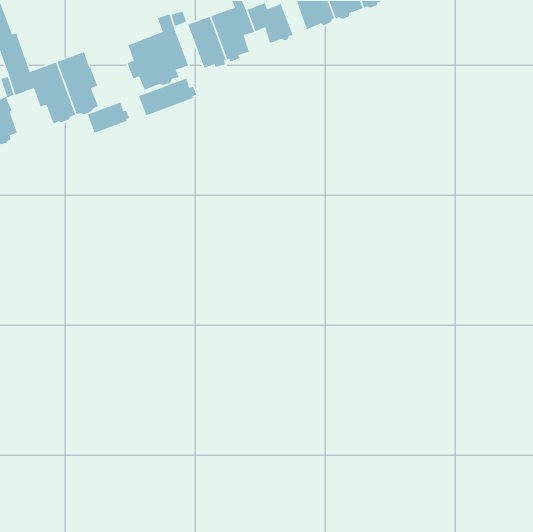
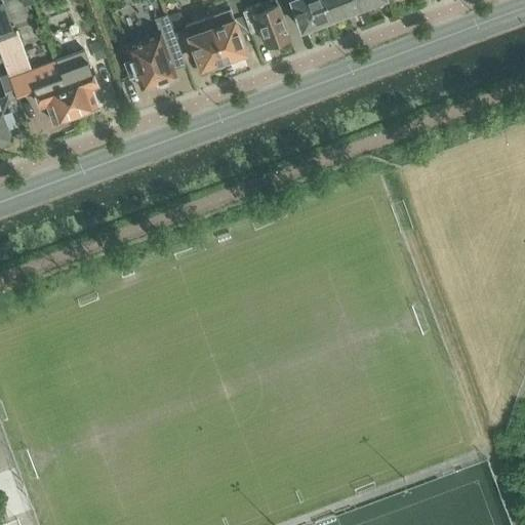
building: [138,77,197,116] -> none
building: [87,101,130,134] -> none

